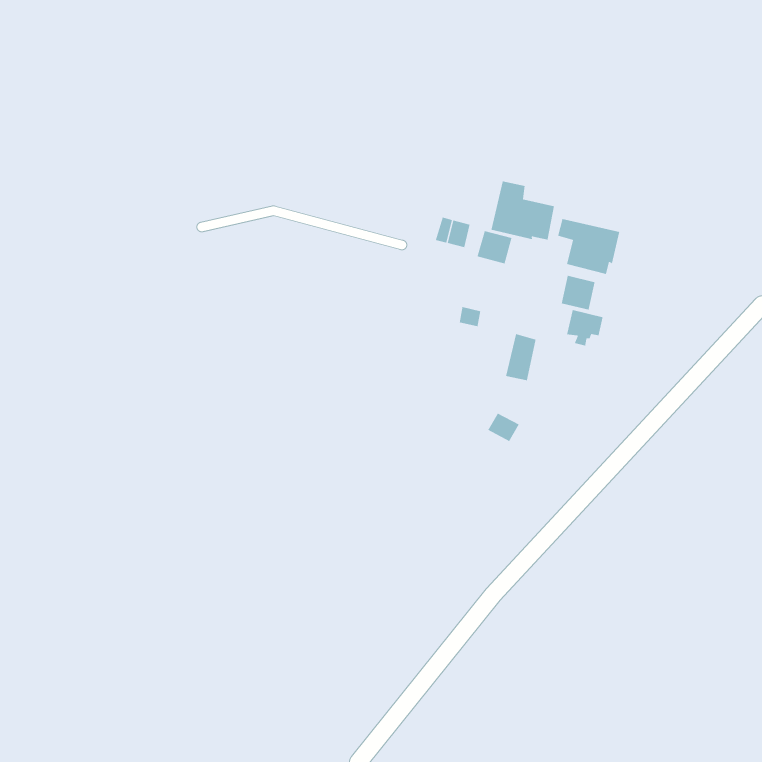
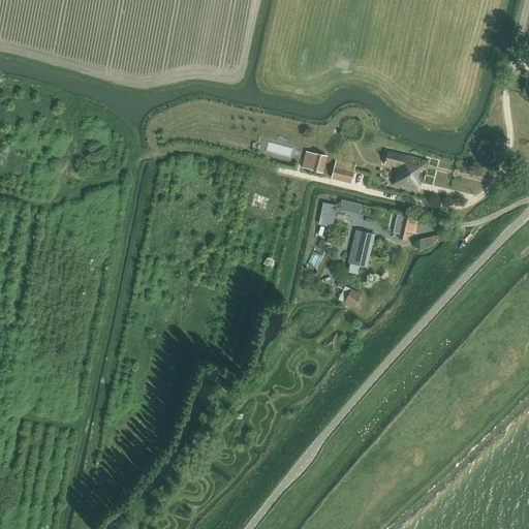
building: [491,181,555,241] -> none
building: [561,275,596,311] -> none

